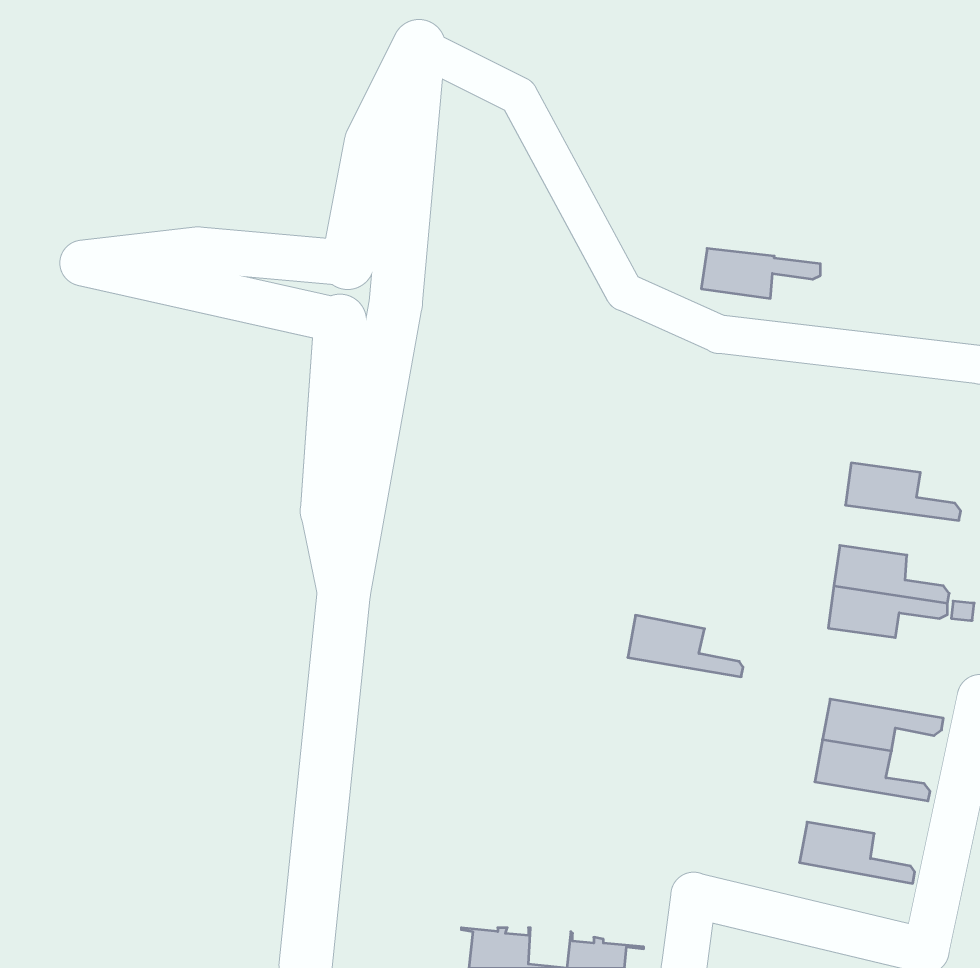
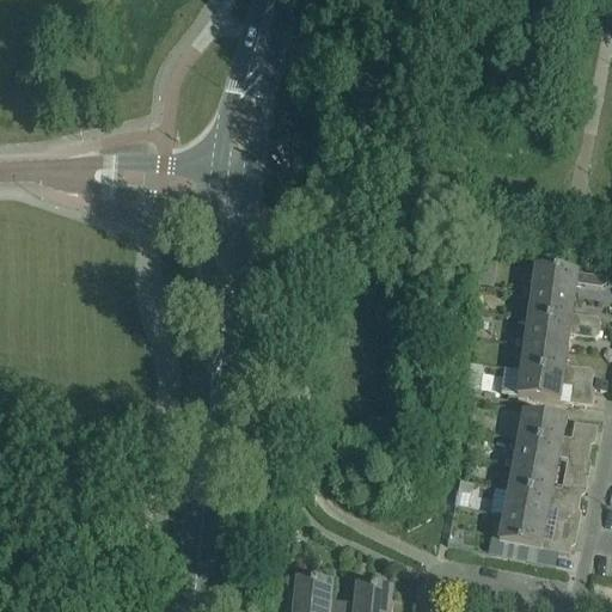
building: [701,248,820,298] -> [530,263,604,294]
building: none -> [522,314,596,345]
building: [628,615,743,677] -> [516,409,588,447]
building: none -> [502,486,577,519]

